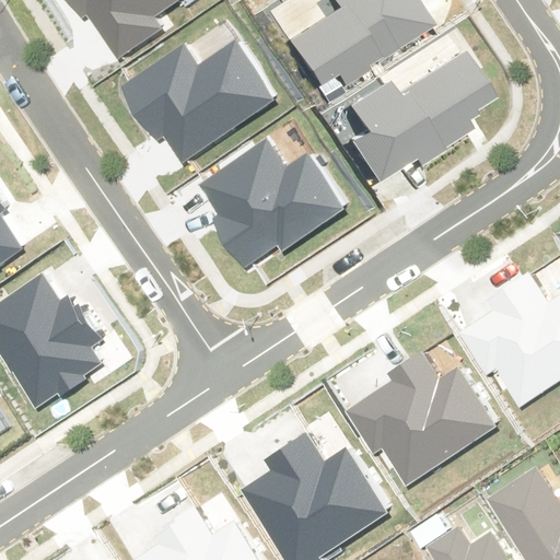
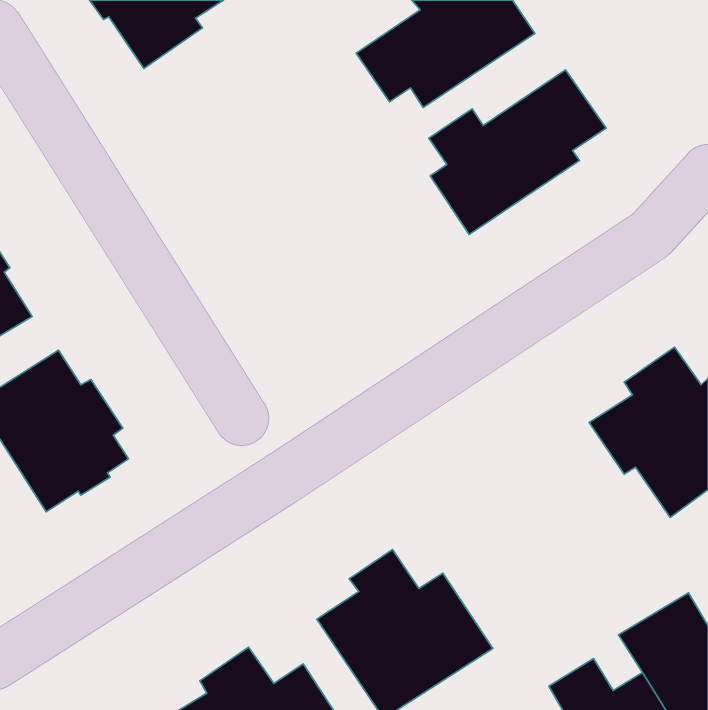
building: [124,47,270,155] -> none
building: [203,144,342,265] -> none
building: [351,352,499,486] -> none

